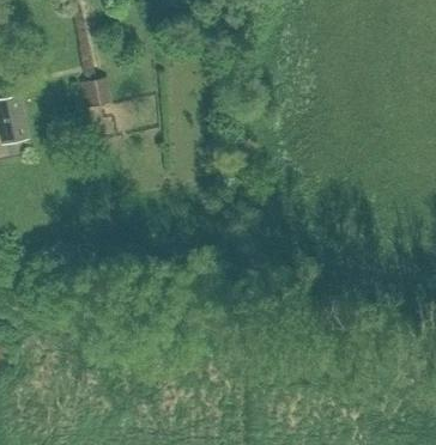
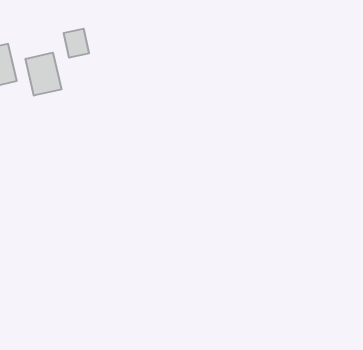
building: none -> [26,53,61,96]

